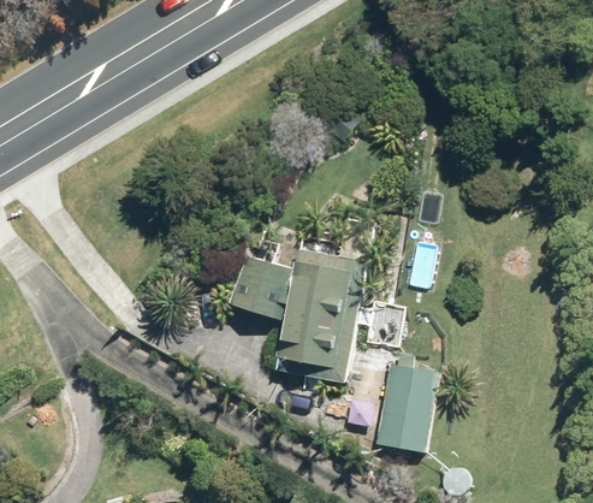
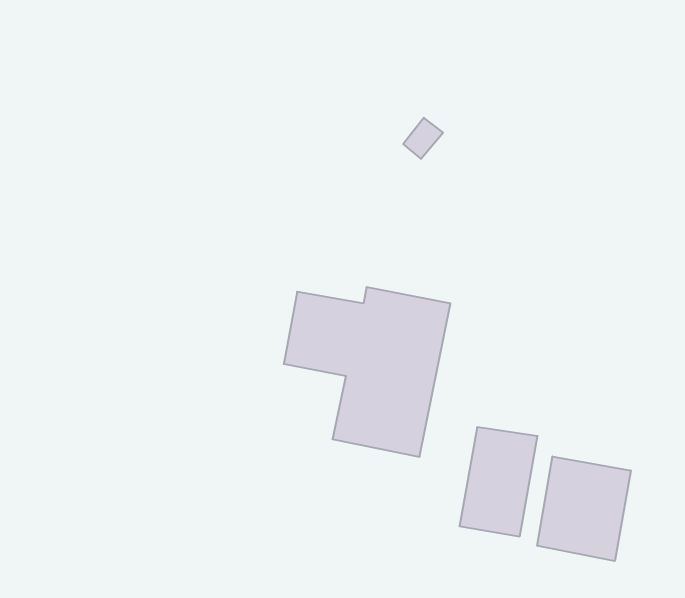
building: none -> [537,456,631,561]

